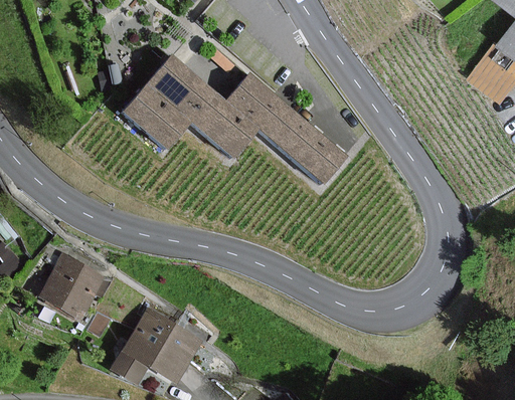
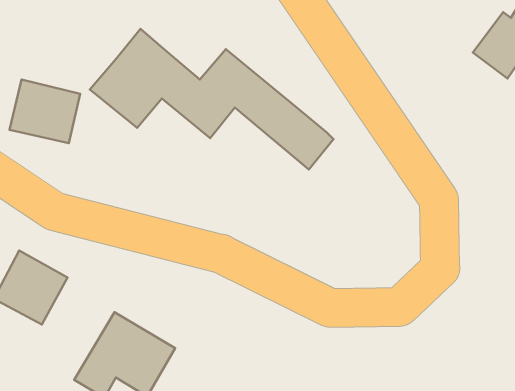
building: none -> [9,80,80,143]

